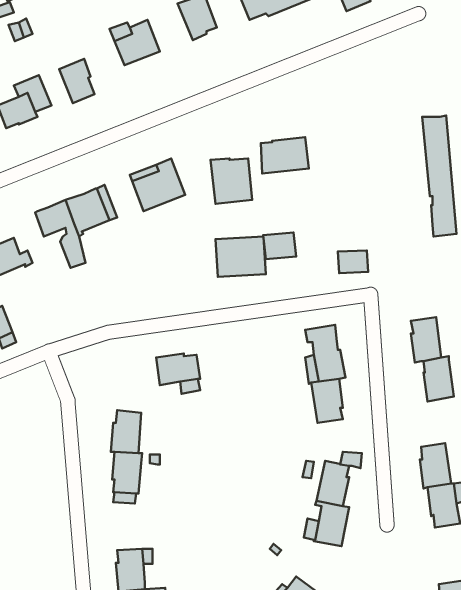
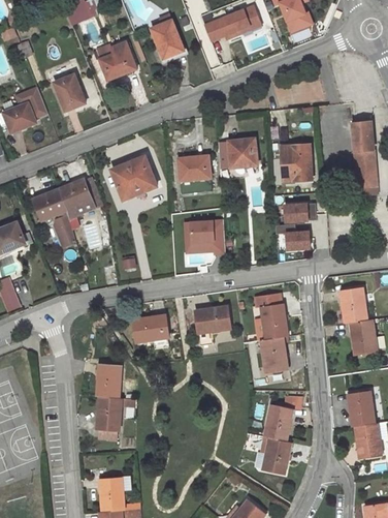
building: none -> [281,144,313,182]
building: [263,233,296,259] -> [279,203,305,224]
building: none -> [195,306,230,346]

